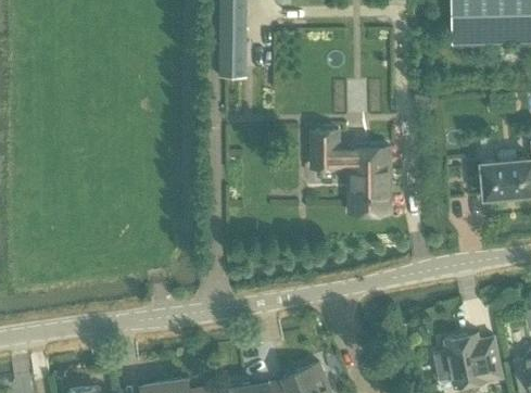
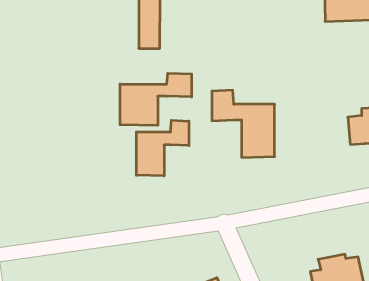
building: none -> [120,73,192,125]
building: none -> [136,120,189,176]

